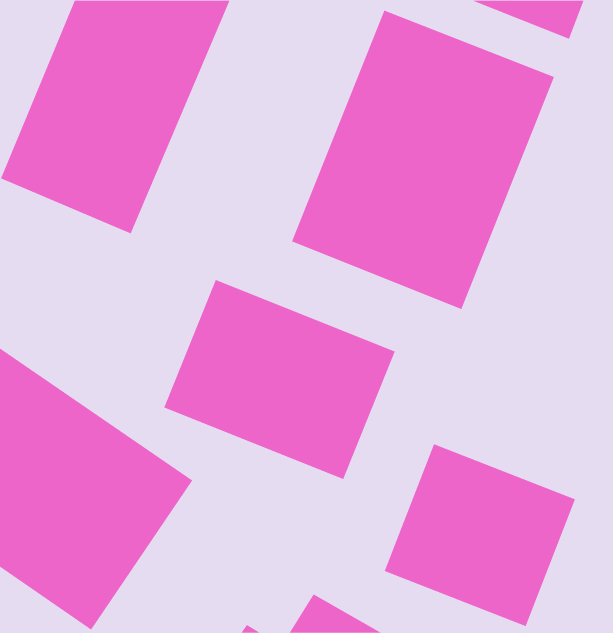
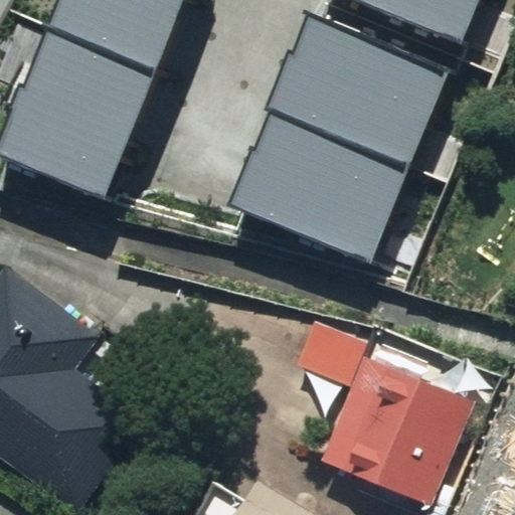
building: [164,279,395,480] -> none

